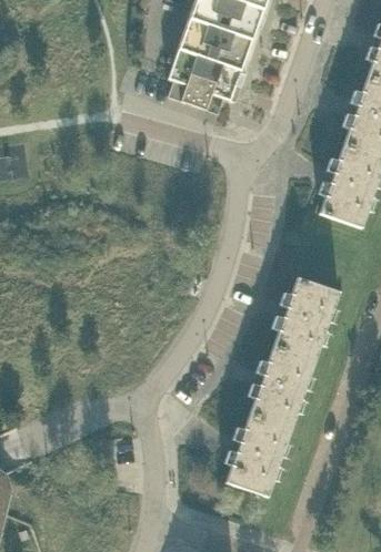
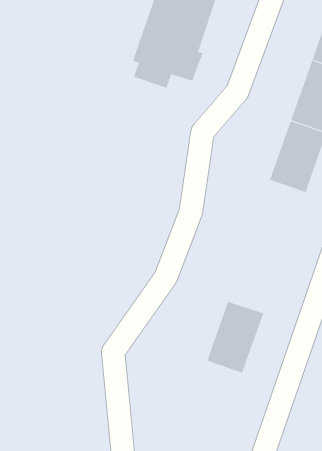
building: [273,279,338,360] -> none
building: [225,413,290,495] -> none

